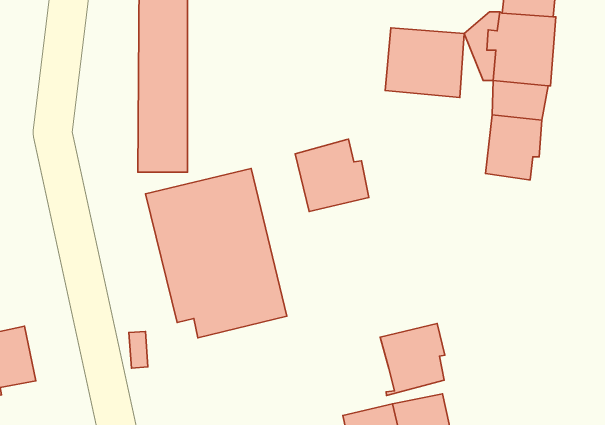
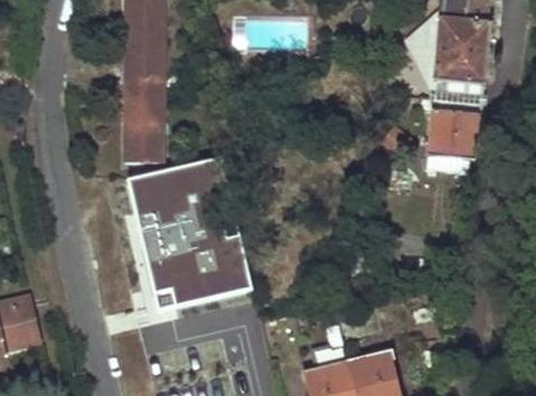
building: [385,28,464,98] -> none
building: [295,139,369,212] -> none
building: [380,324,445,396] -> none

